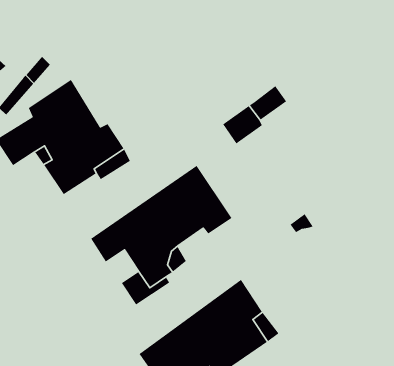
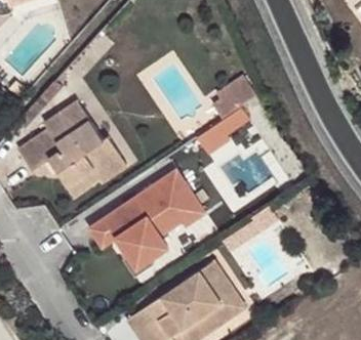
building: none -> [214,72,255,117]

